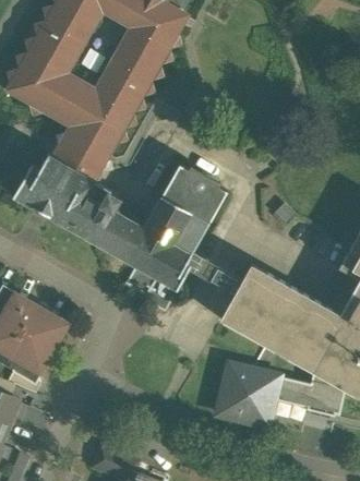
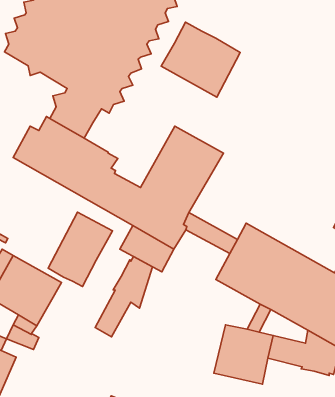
building: none -> [161,22,240,97]
building: none -> [48,212,112,286]
building: none -> [95,256,153,337]

